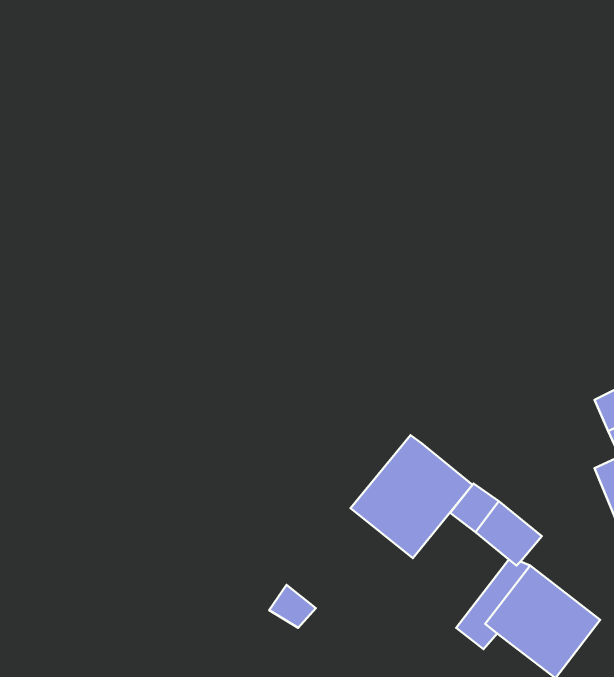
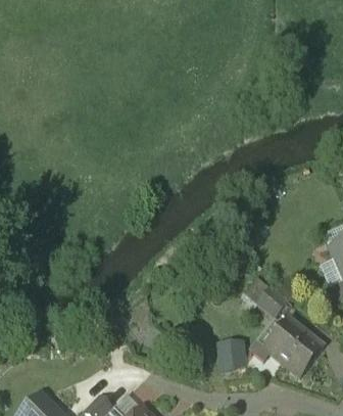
building: [351,435,473,558] -> none
building: none -> [218,337,245,367]

